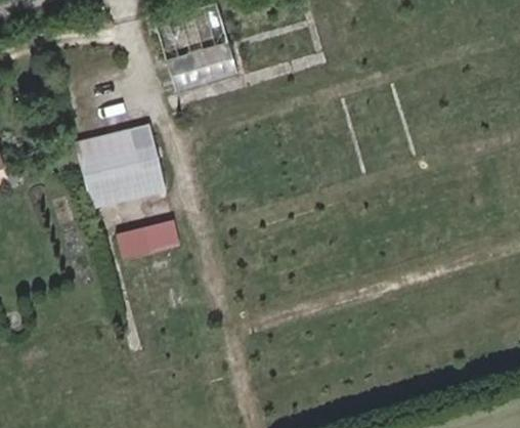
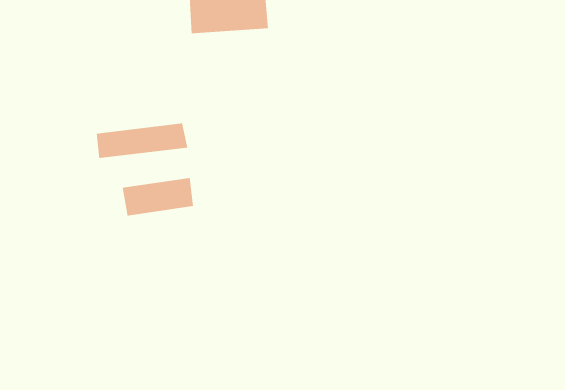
building: [84,129,165,186] -> none

